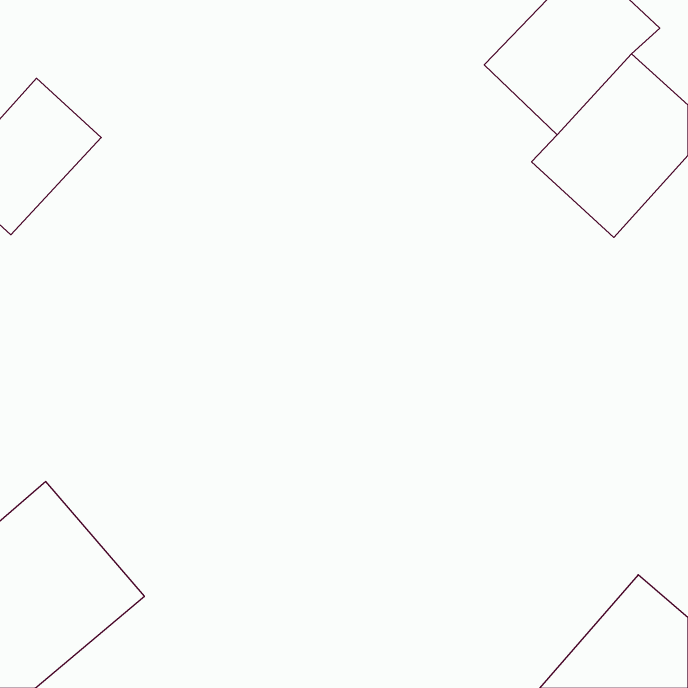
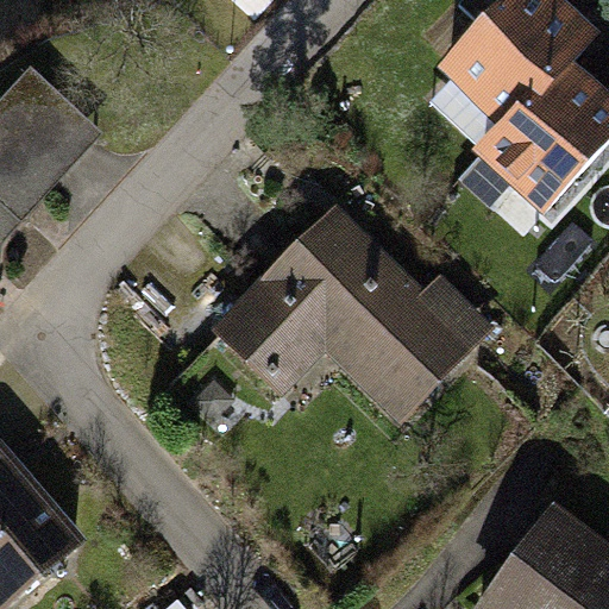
building: none -> [219,211,473,432]

